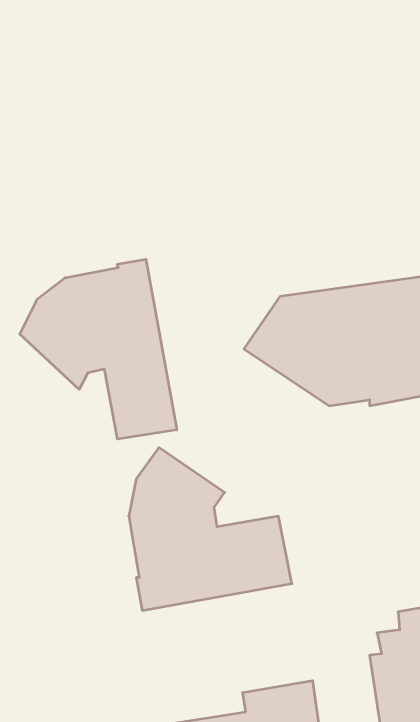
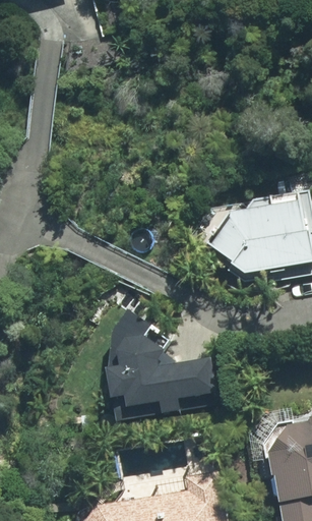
building: [20,259,177,439] -> none

